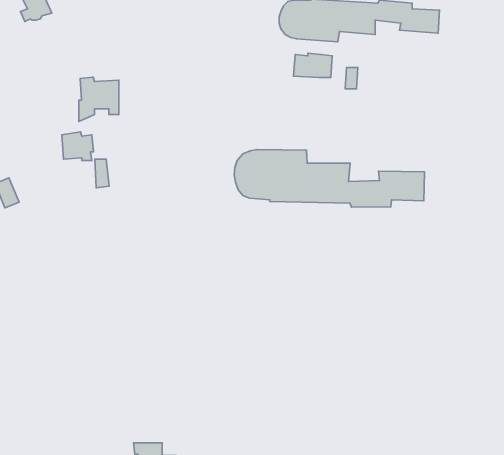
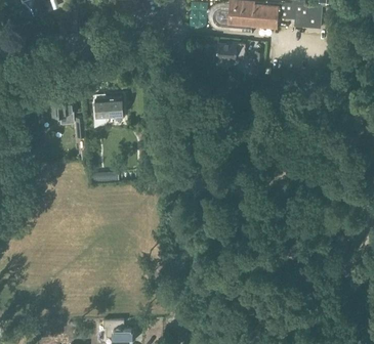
building: [79,77,119,122] -> [93,93,122,125]
building: [234,150,425,207] -> none

